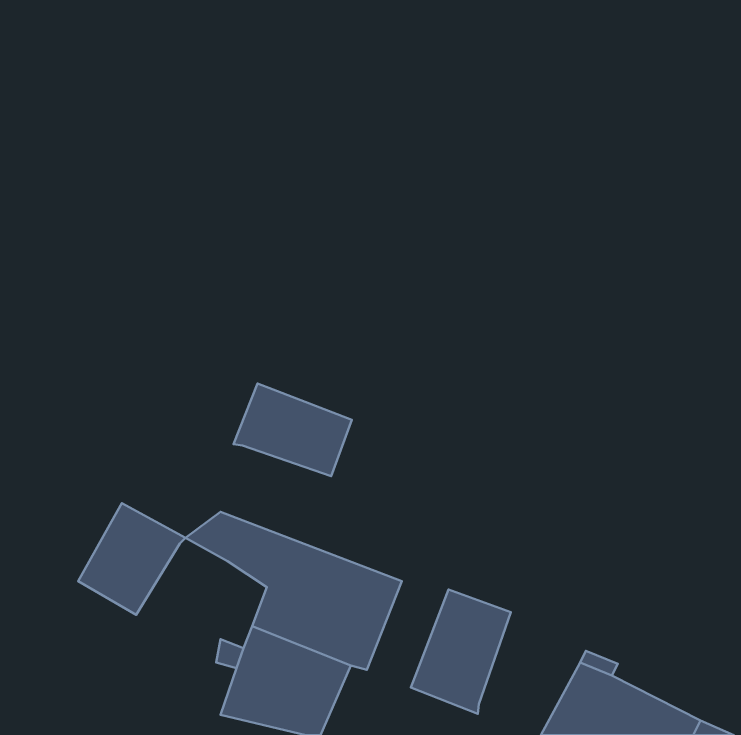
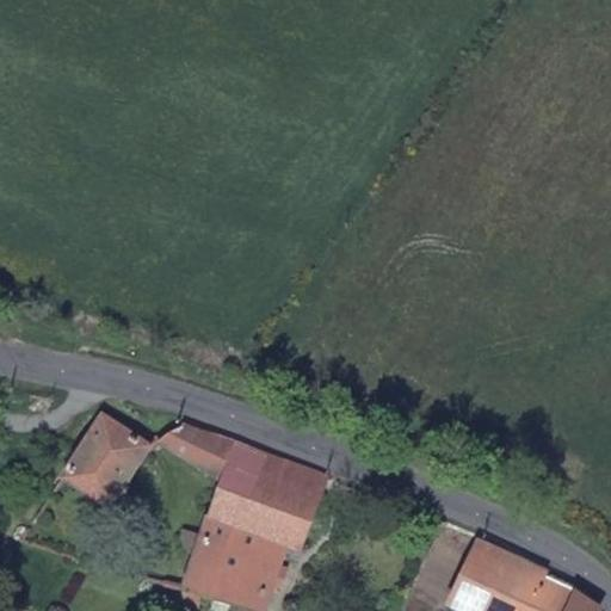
building: [233,383,352,476] -> none
building: [411,589,511,714] -> none

